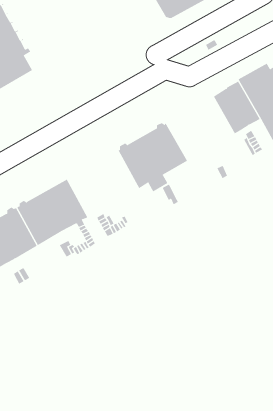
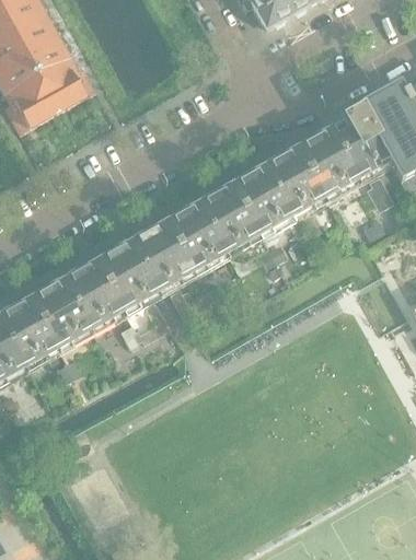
building: none -> [262,127,354,215]
building: none -> [129,200,226,291]

